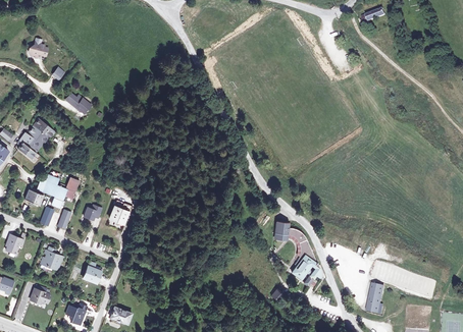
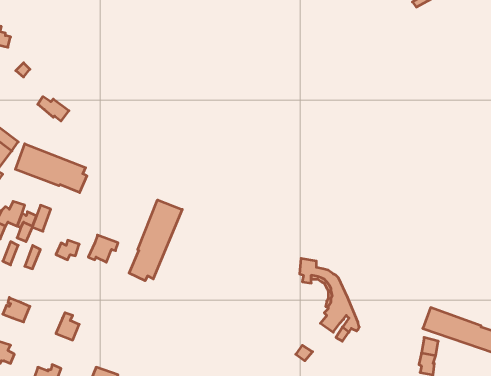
building: none -> [15,144,87,193]
building: none -> [129,200,182,281]

